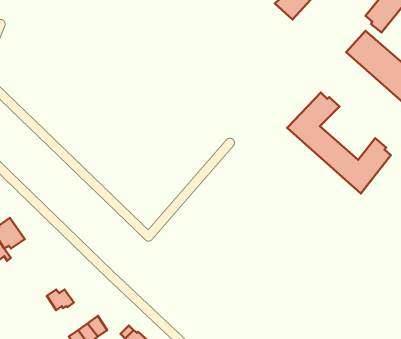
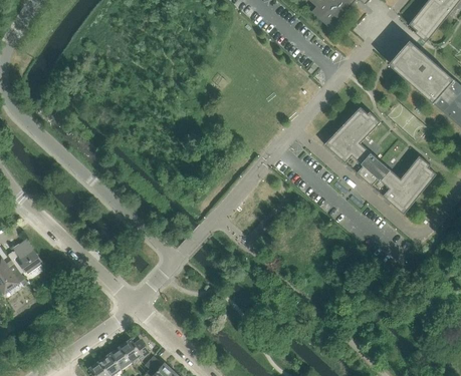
building: [47,289,74,310] -> [122,339,151,361]

